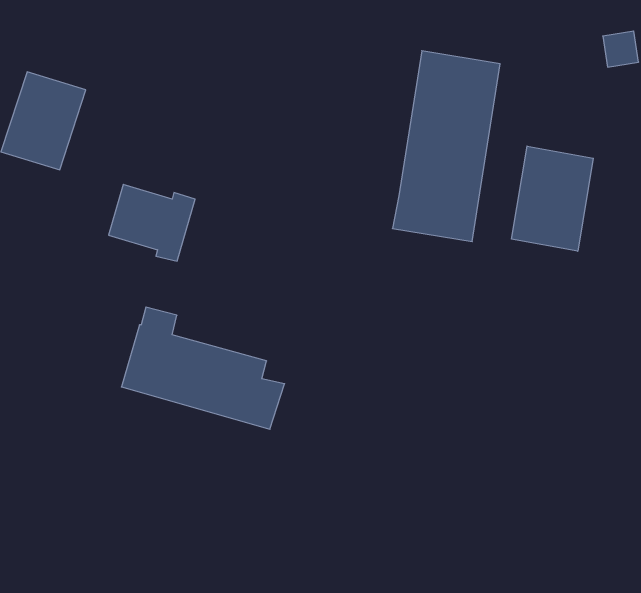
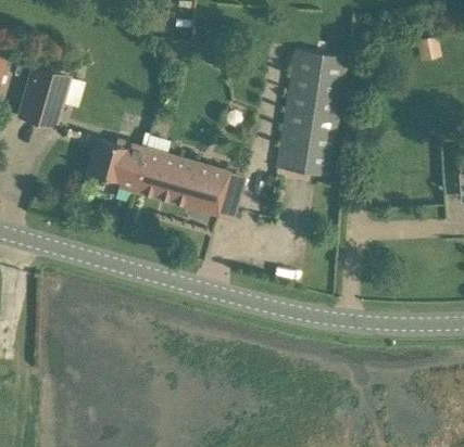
building: [512,146,593,251] -> none
building: [121,307,285,429] -> [133,138,241,219]

